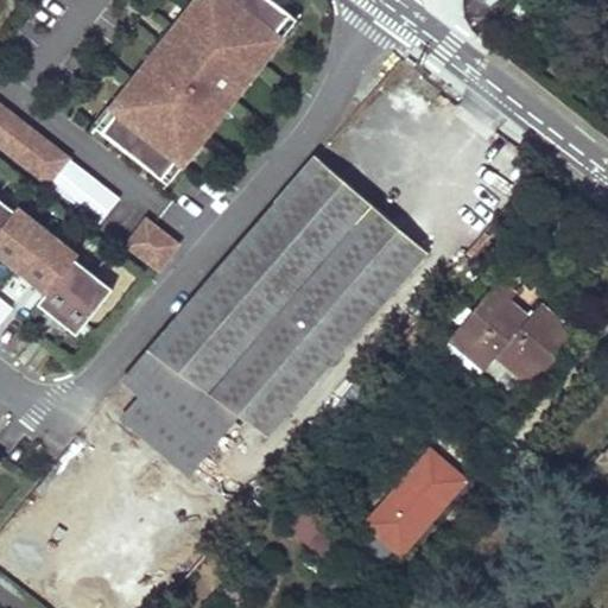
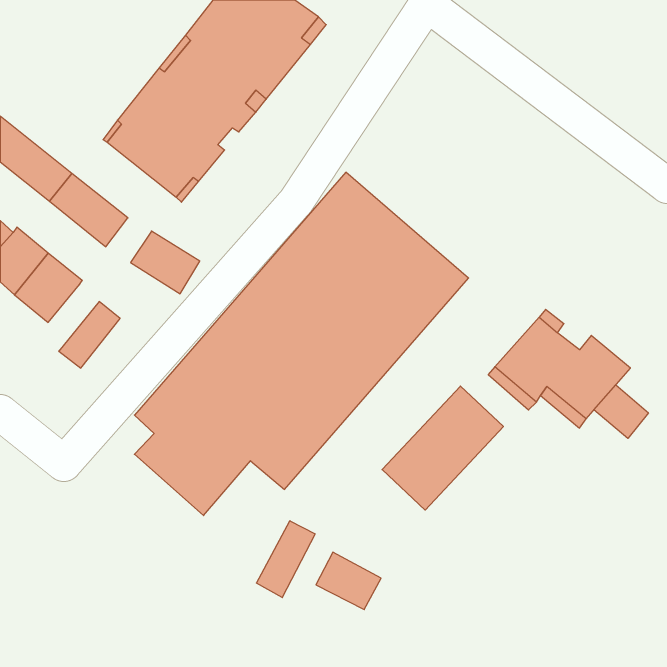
building: [34,259,90,319] -> none
building: none -> [594,385,648,438]
building: [361,442,471,555] -> [382,386,503,510]
building: none -> [256,521,315,598]

